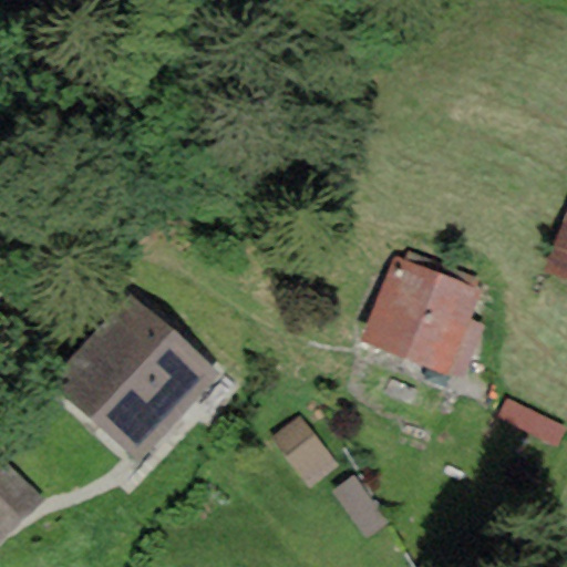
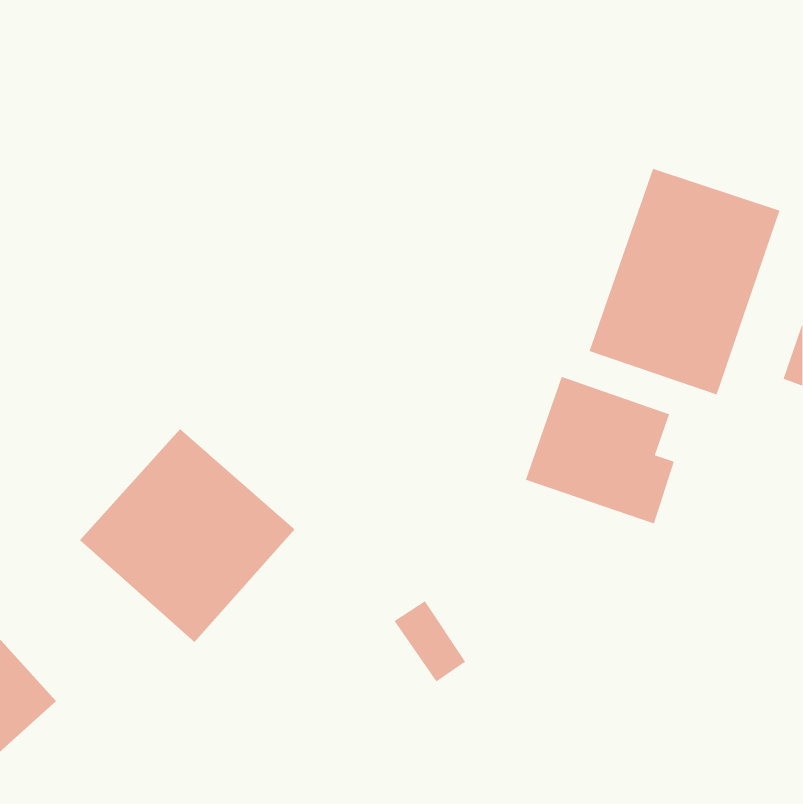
building: none -> [589,168,780,396]

